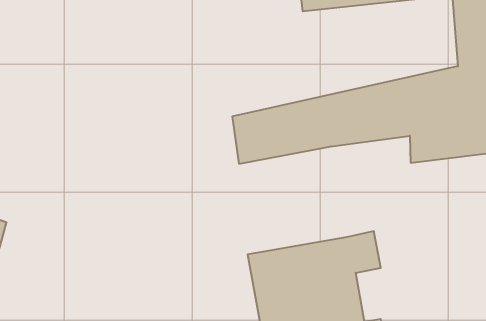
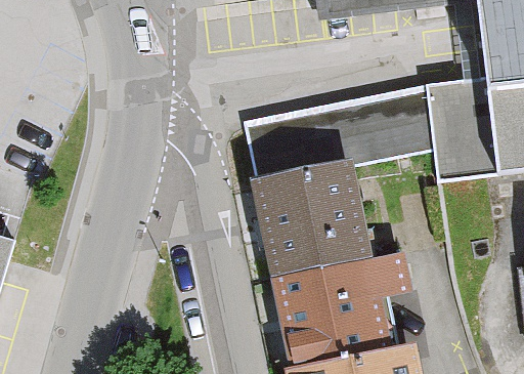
building: none -> [250,161,373,276]

